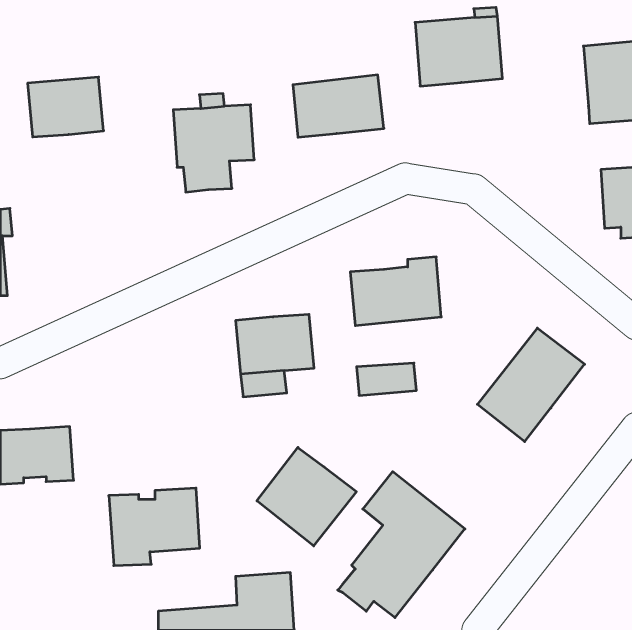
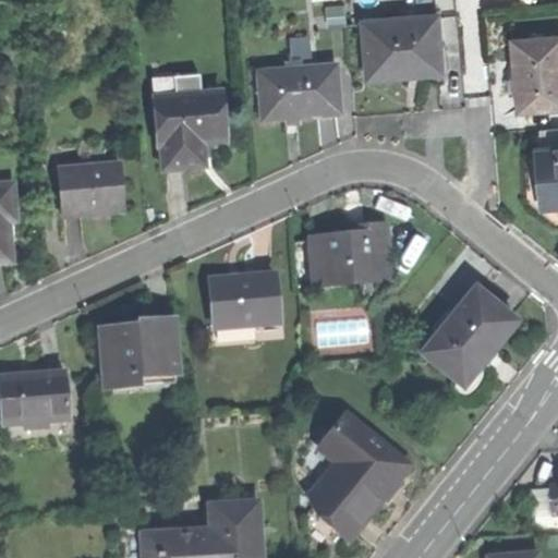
building: [28,77,104,137] -> [59,161,125,214]
building: [257,447,356,546] -> none
building: [109,488,200,566] -> [98,320,178,388]

